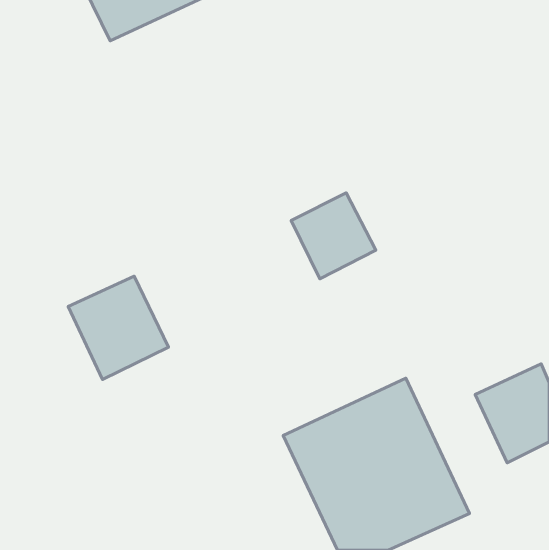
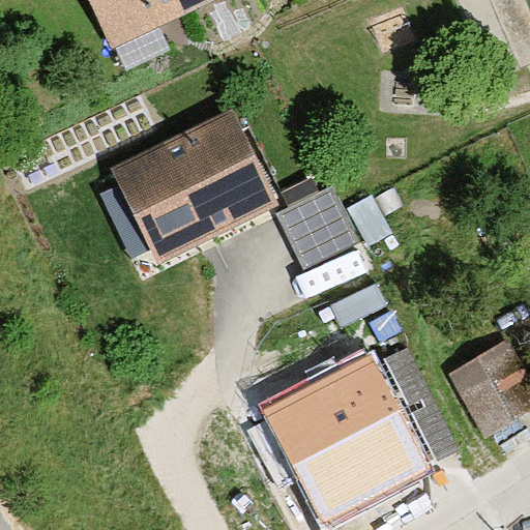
building: none -> [102,106,277,261]
building: [68,276,168,380] -> none

